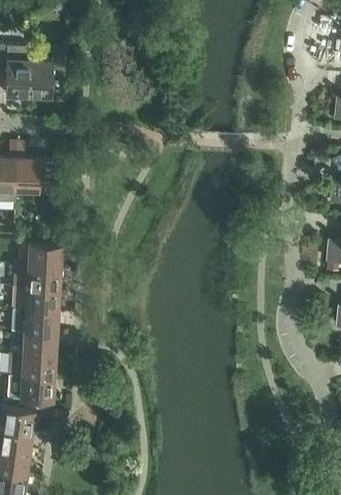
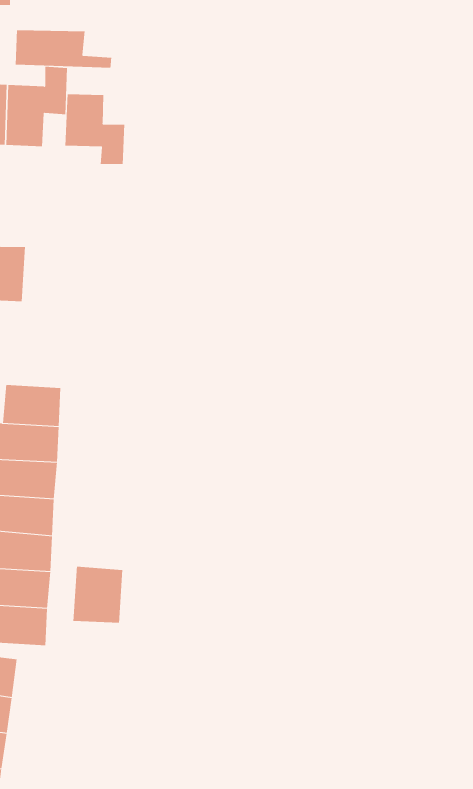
building: none -> [15,29,112,68]
building: none -> [65,93,125,165]
building: none -> [73,566,123,623]

